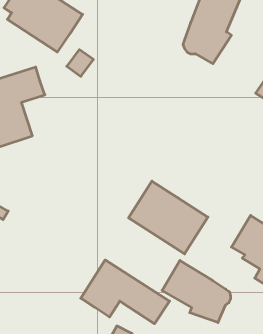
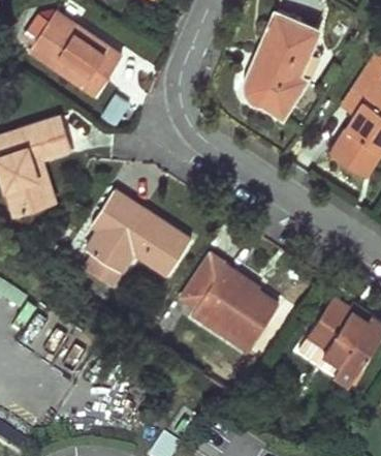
building: none -> [80,189,189,286]
building: [81,260,170,324] -> none
building: [162,260,230,323] -> none

